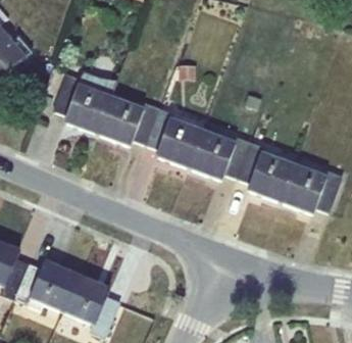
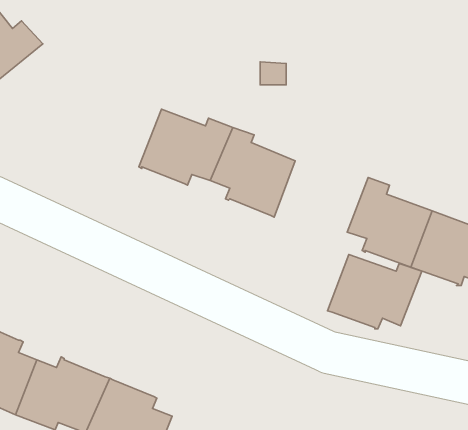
building: [53,69,118,133] -> none
building: [188,129,251,179] -> [328,254,422,329]

